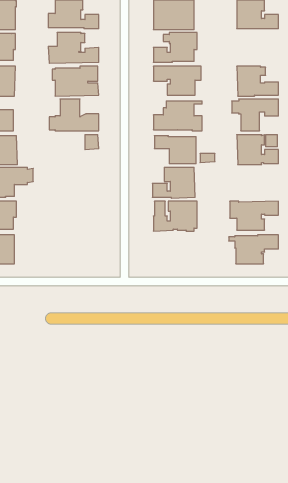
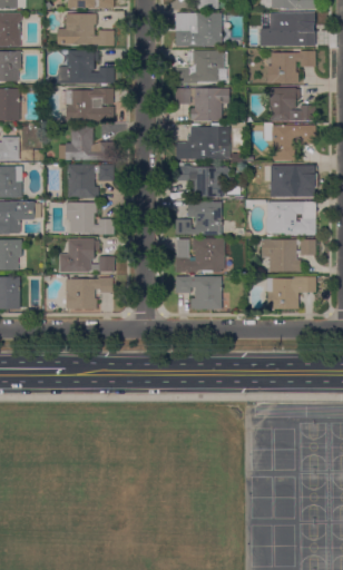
building: none -> [266,51,315,83]
building: none -> [67,165,98,198]
building: none -> [265,202,315,237]
building: none -> [62,203,114,235]
building: none -> [59,239,114,273]
building: none -> [175,276,220,309]
building: none -> [65,277,112,309]

